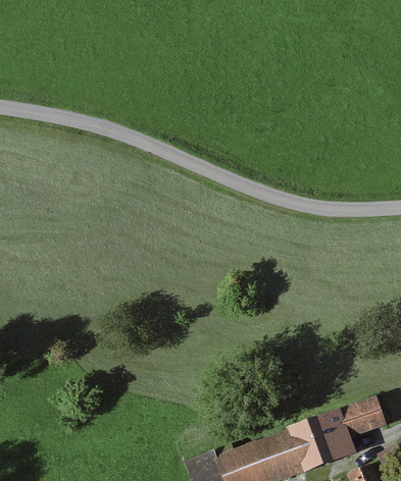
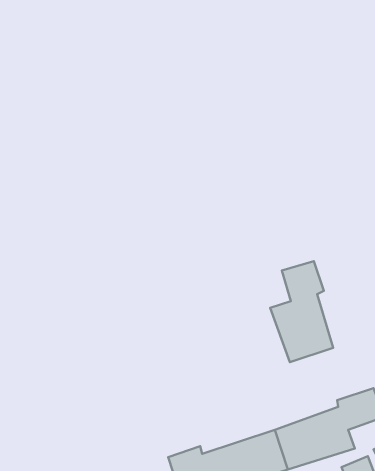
building: none -> [270,261,333,362]

